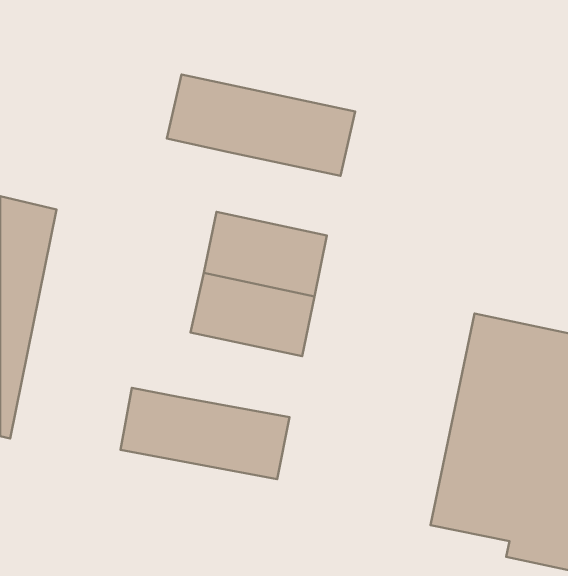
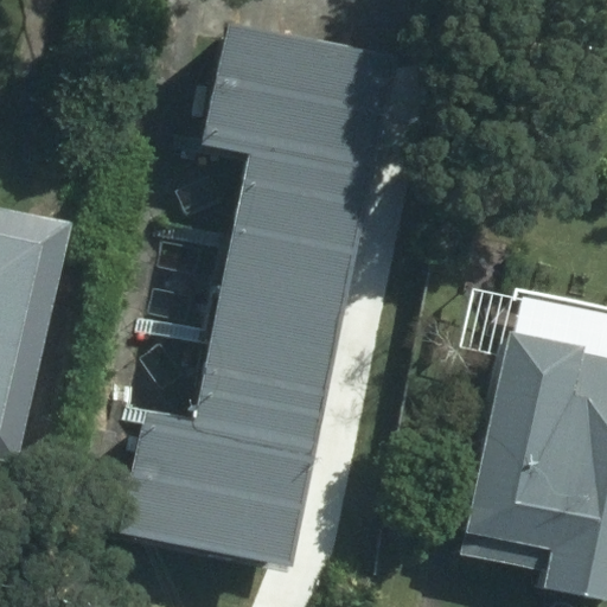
building: none -> [199,15,392,117]
building: none -> [236,160,366,248]
building: none -> [196,350,326,439]
building: none -> [123,473,300,569]

